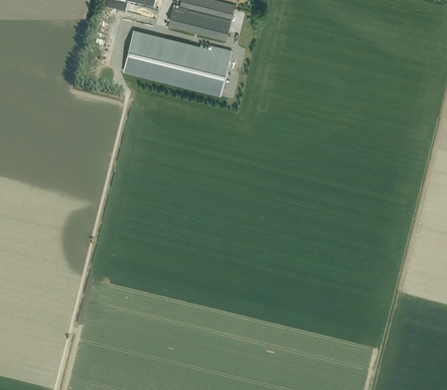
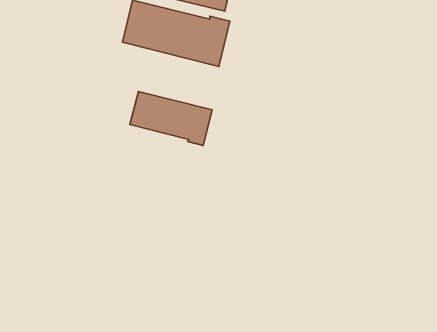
building: none -> [130,91,212,145]

